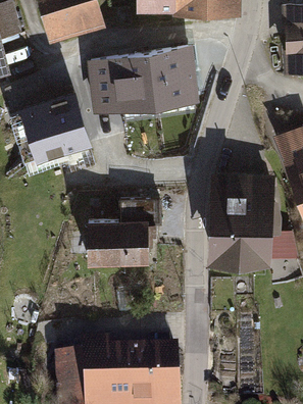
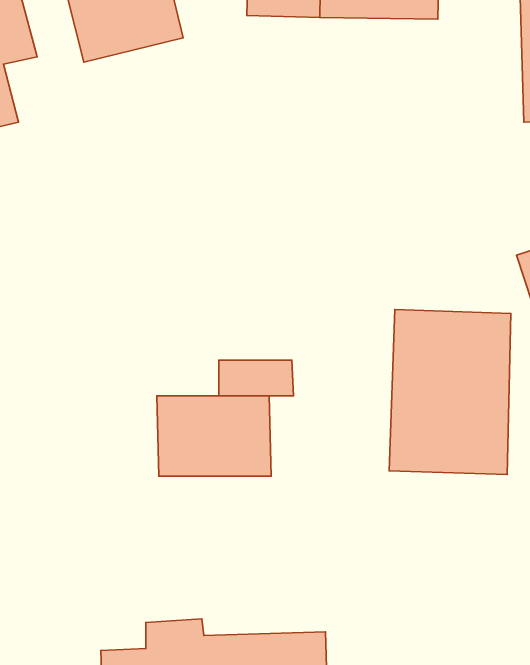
building: [92,49,195,110] -> none
building: [8,89,94,165] -> none

